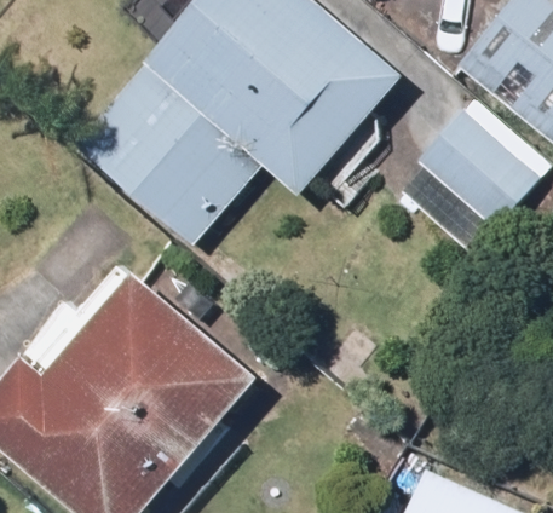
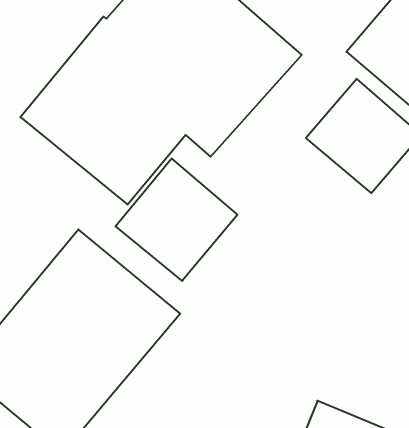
building: none -> [115,159,237,281]

